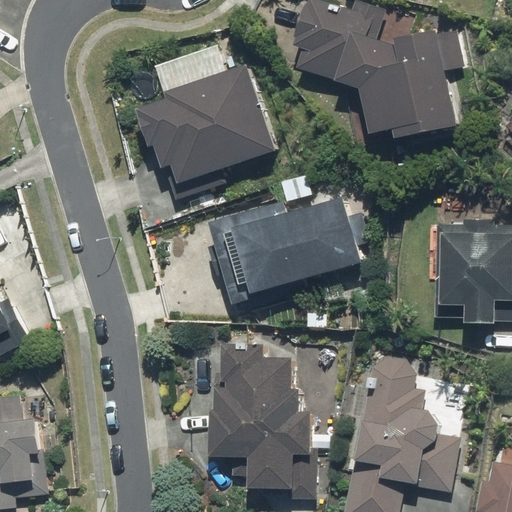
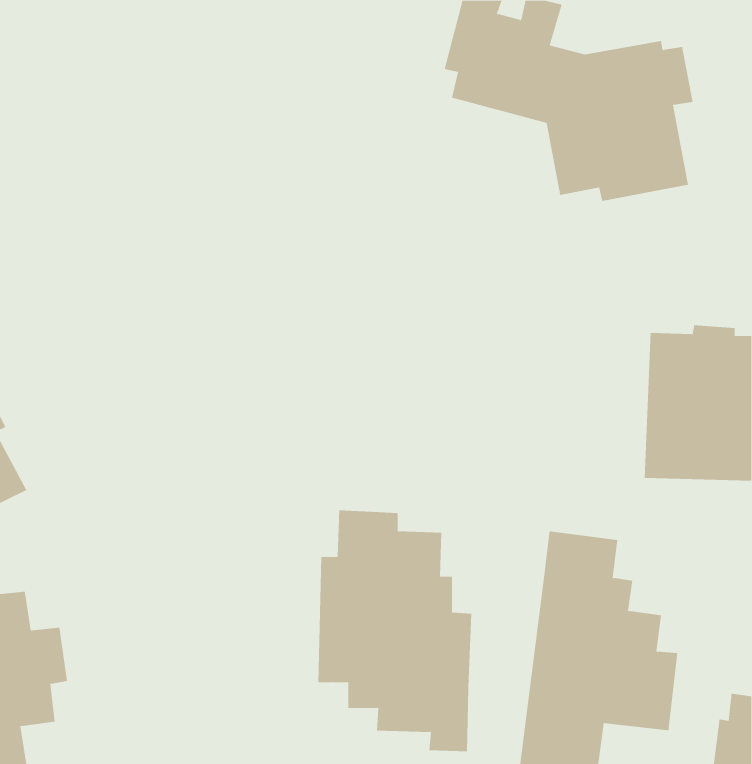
building: [139,63,277,203] -> none
building: [215,197,364,303] -> none

